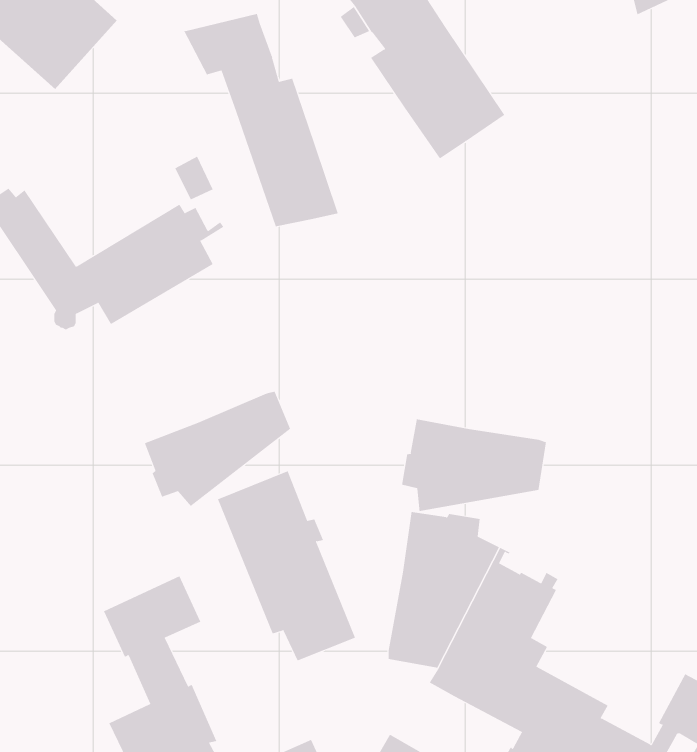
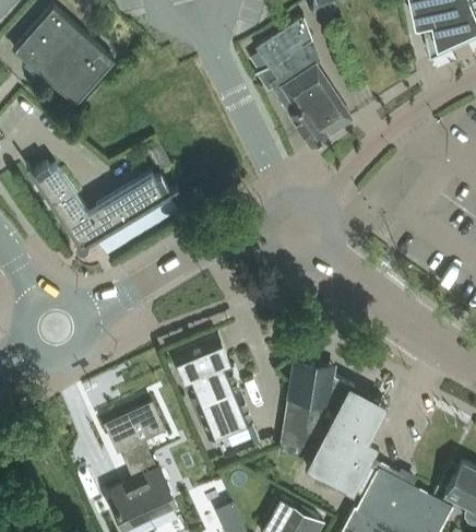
building: [183,13,339,227] -> none
building: [144,391,291,507] -> none
building: [401,419,546,512] -> none

